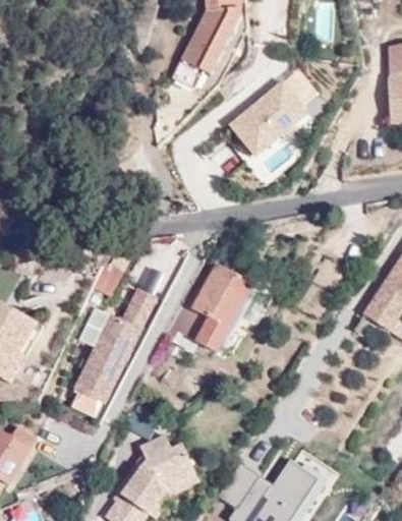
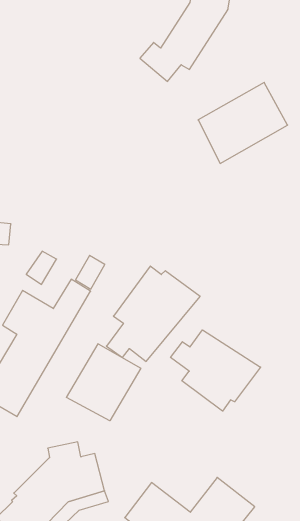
building: none -> [171,330,261,411]
building: none -> [66,344,141,421]

